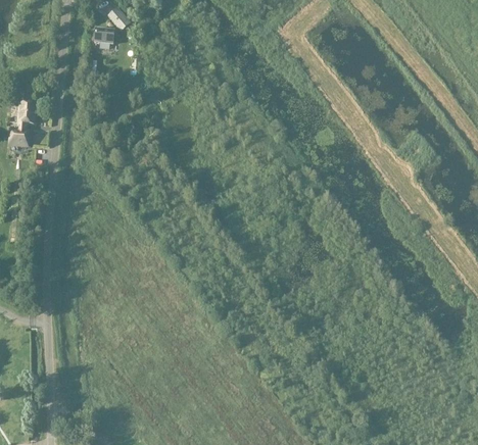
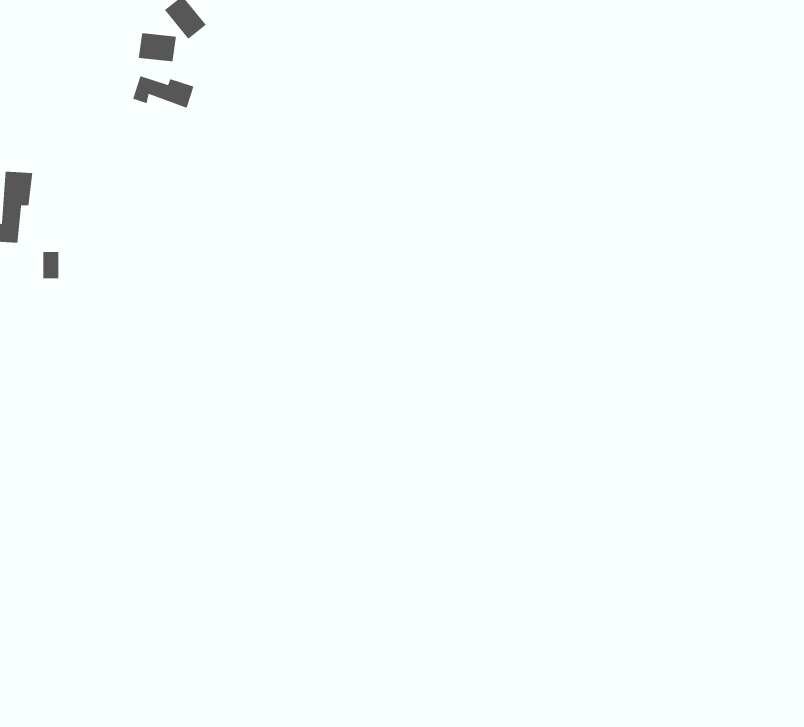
building: none -> [132,75,195,109]

